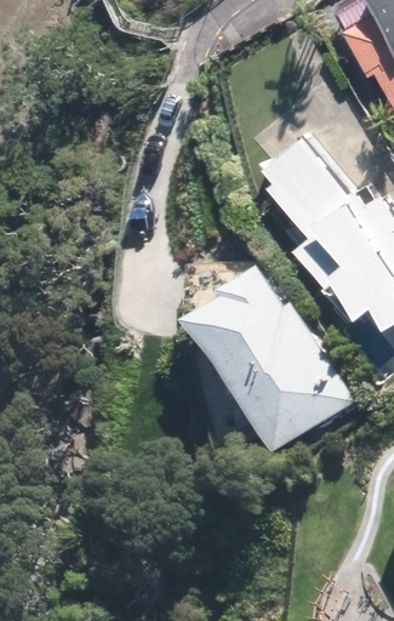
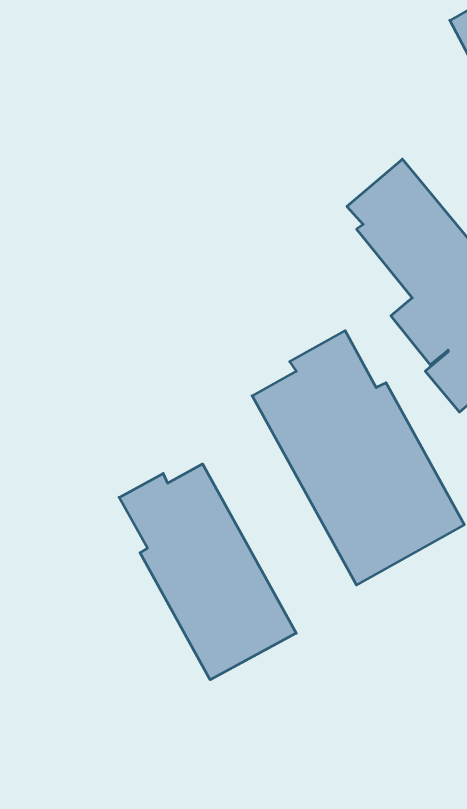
building: none -> [119,464,296,680]

